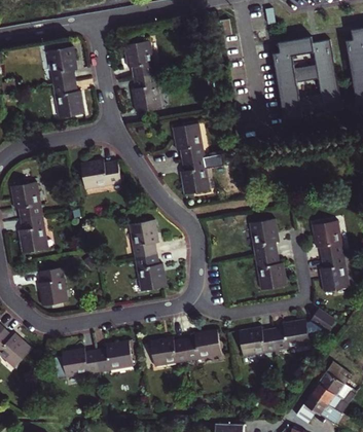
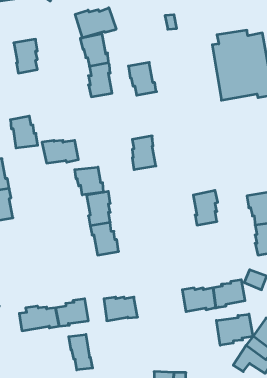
building: none -> [75,8,116,38]
building: [53,81,84,117] -> [10,116,38,148]
building: [173,123,205,160] -> [128,62,157,95]
building: none -> [75,167,103,195]
building: [255,253,287,290] -> none
building: [39,267,66,305] -> none
building: [184,329,221,361] -> none
building: none -> [216,314,253,345]
building: none -> [69,334,93,370]

